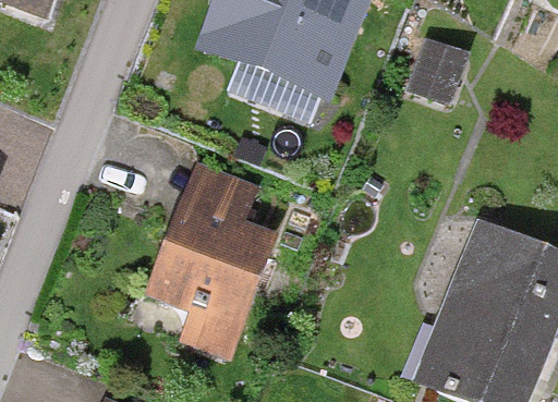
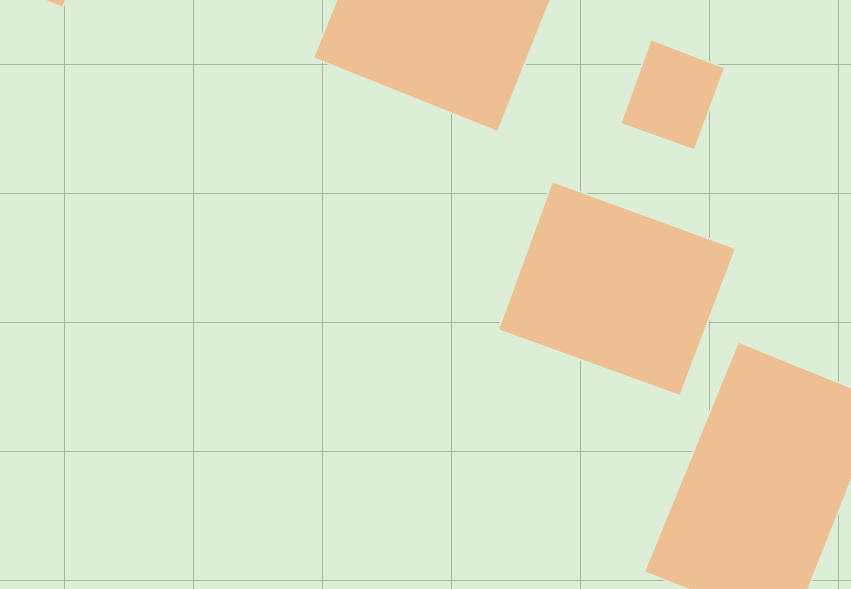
building: none -> [498,181,736,396]
building: [160,181,272,345] -> none

